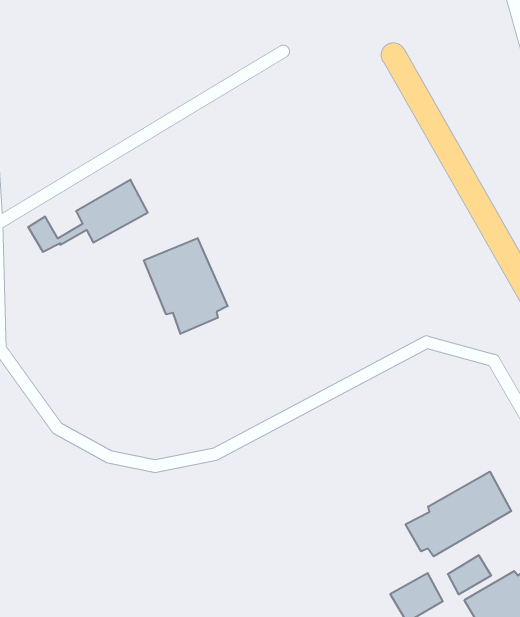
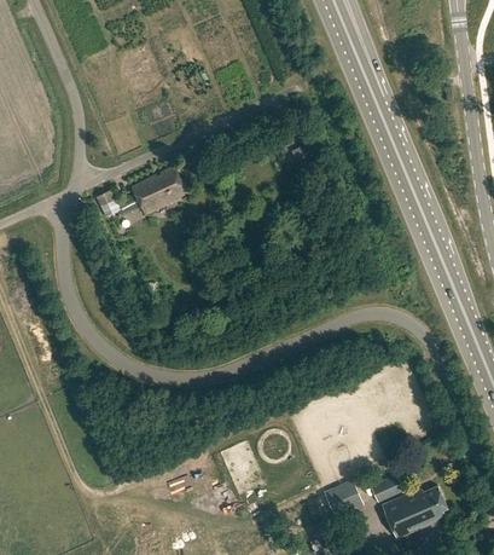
building: [144,238,228,334] -> none
building: [406,472,511,556] -> none

